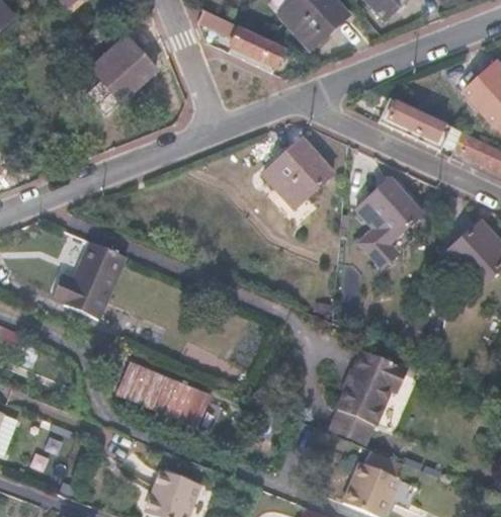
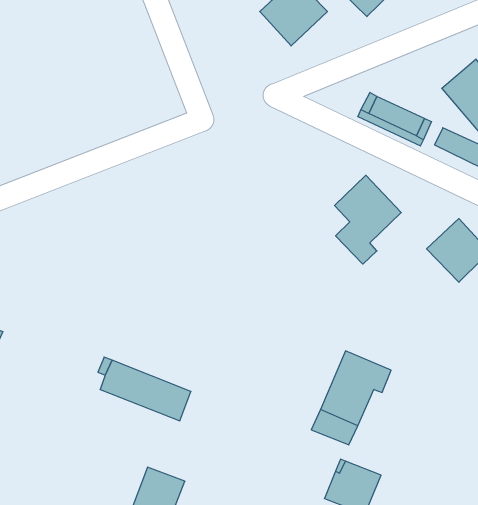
building: [200,9,284,66] -> none
building: [92,34,155,97] -> none
building: [262,139,332,222] -> none
building: [50,241,124,319] -> none

